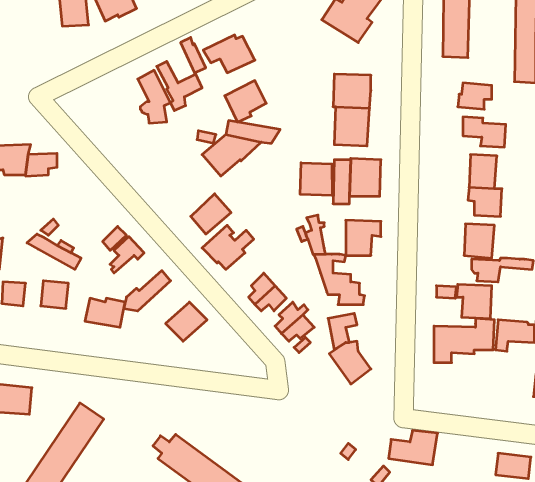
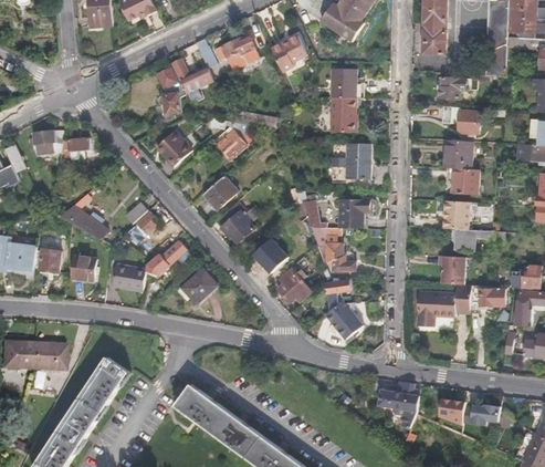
building: [225,81,266,122] -> [271,33,307,70]
building: none -> [156,132,192,167]
building: [300,163,332,195] -> none
building: none -> [439,396,465,422]

